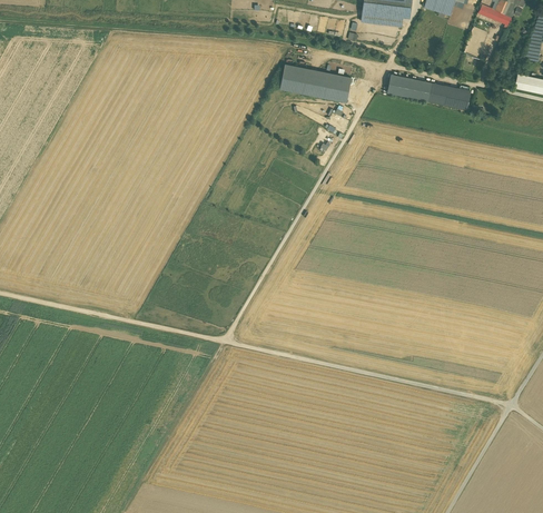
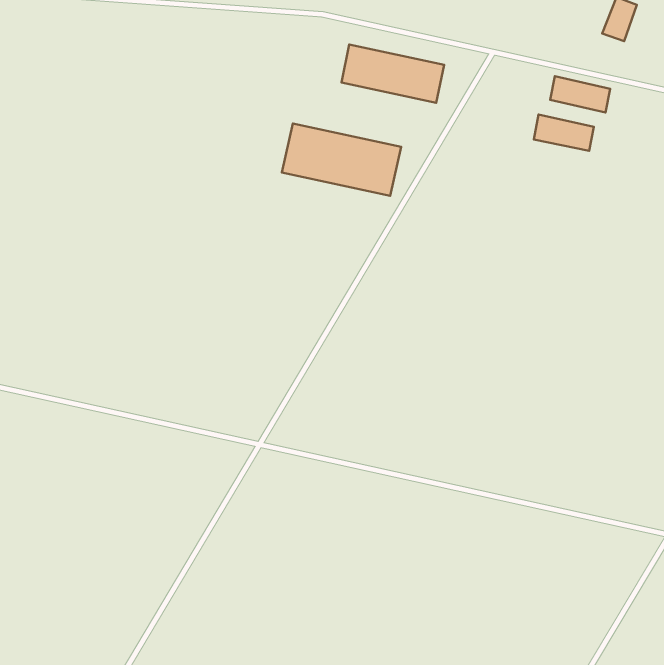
building: [388,75,431,100] -> [534,114,594,151]
building: none -> [282,123,401,196]

